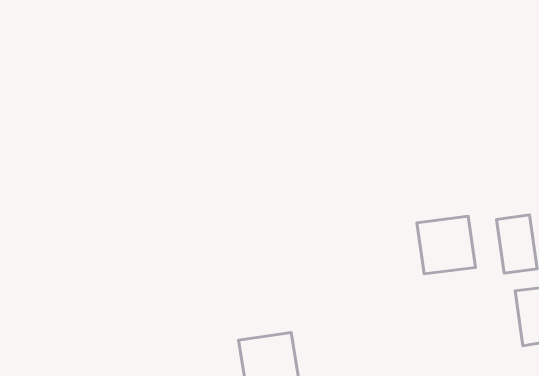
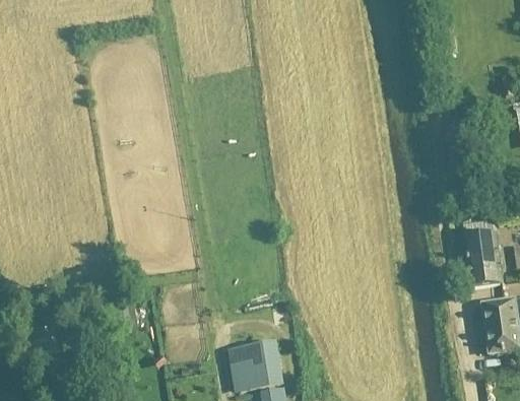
building: [417,216,476,274] -> none

